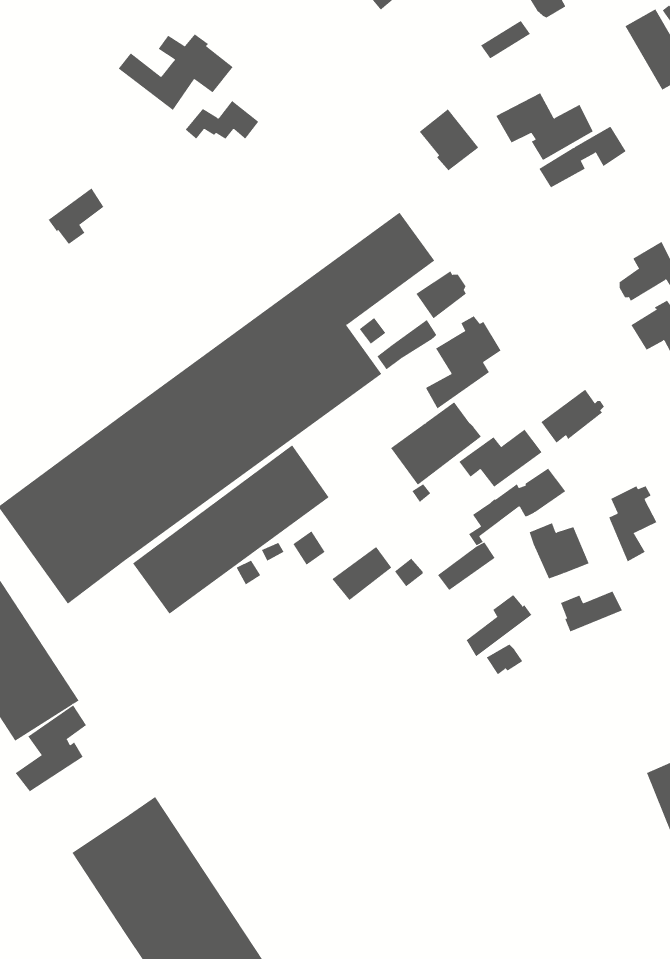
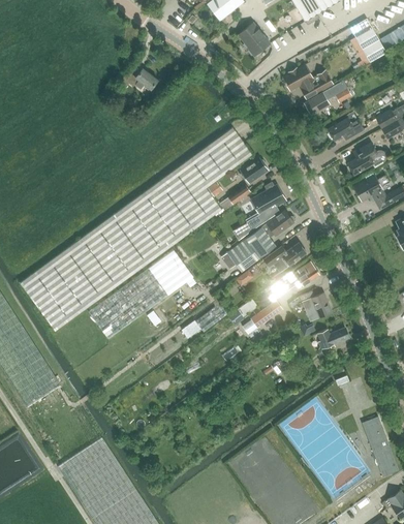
building: [118,34,233,111] -> none
building: [419,108,479,171] -> [239,23,271,56]
building: none -> [328,112,364,141]
building: [48,187,104,245] -> none
building: [540,389,605,444] -> [260,210,294,239]
building: [609,485,657,562] -> none
building: [466,594,532,657] -> none
building: [15,704,87,792] -> none

